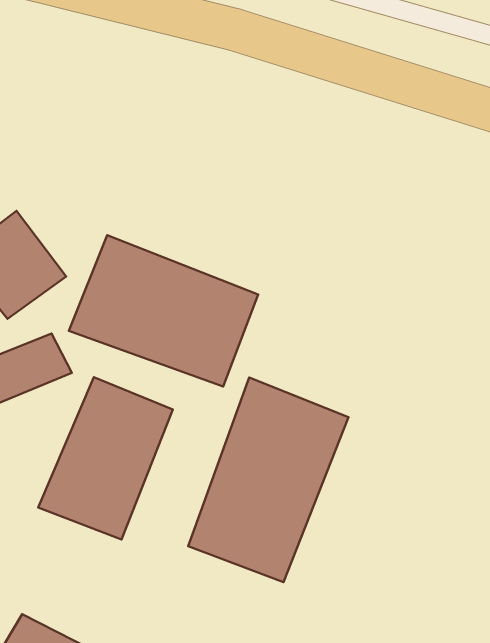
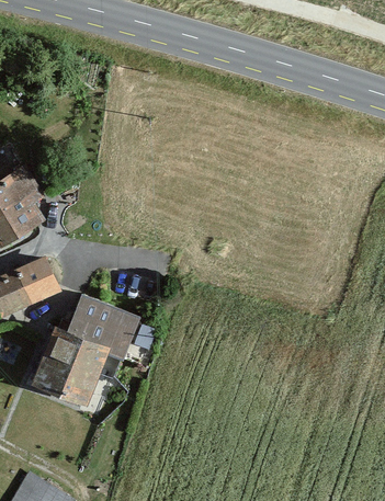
building: [69,235,258,386] -> none
building: [188,377,348,582] -> none

